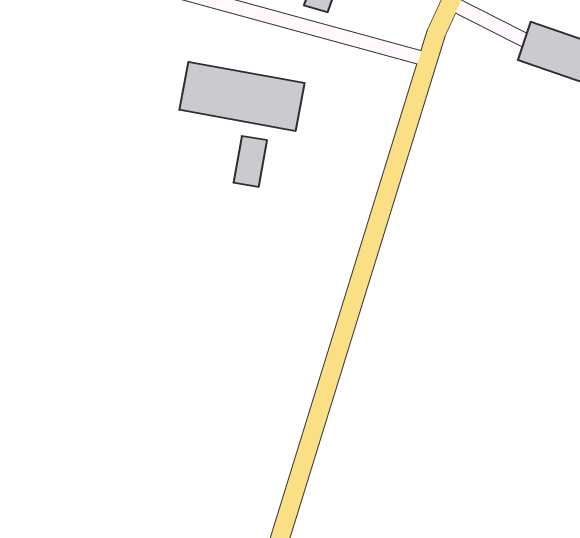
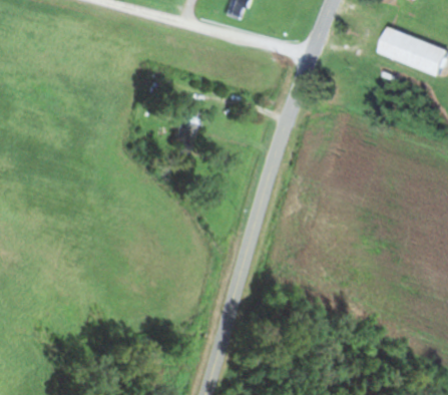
building: [179,62,305,131] -> none

